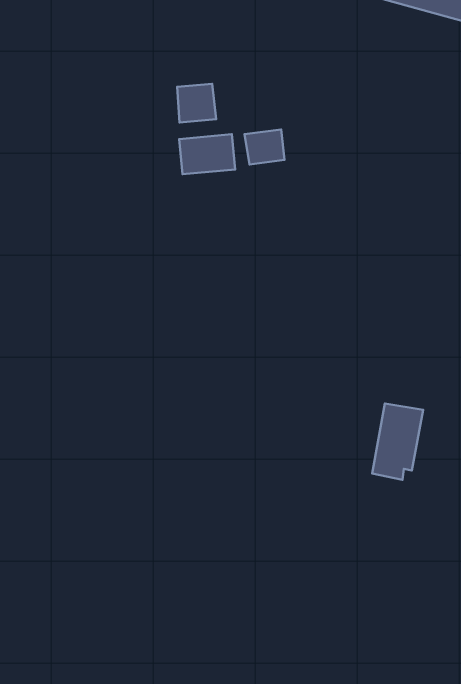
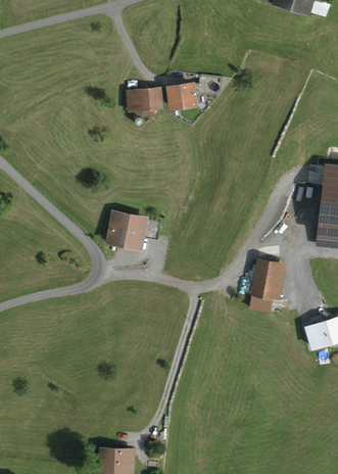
building: [177,84,216,123] -> none
building: none -> [106,211,146,249]

